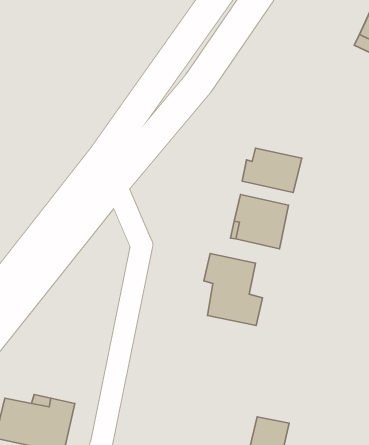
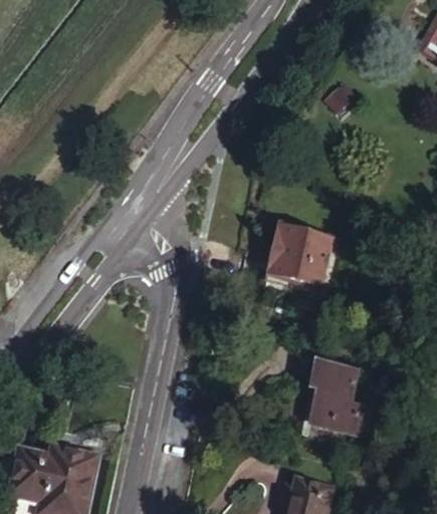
building: [242,148,302,192] -> none
building: [204,253,263,325] -> [308,351,375,433]

